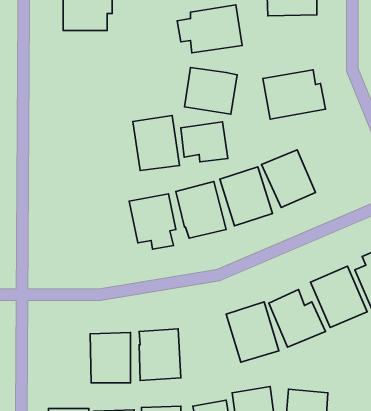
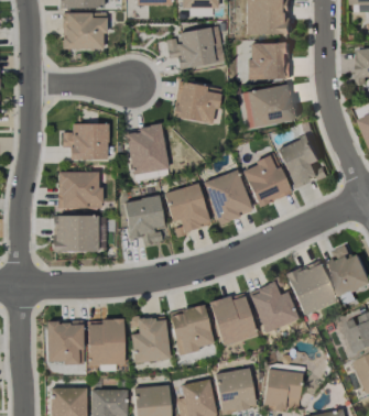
building: none -> [248,42,289,79]
building: none -> [62,123,108,160]
building: [181,122,228,162] -> none
building: none -> [278,134,327,189]
building: none -> [57,172,101,209]
building: none -> [53,215,98,251]
building: none -> [169,305,213,355]
building: none -> [45,320,84,363]

